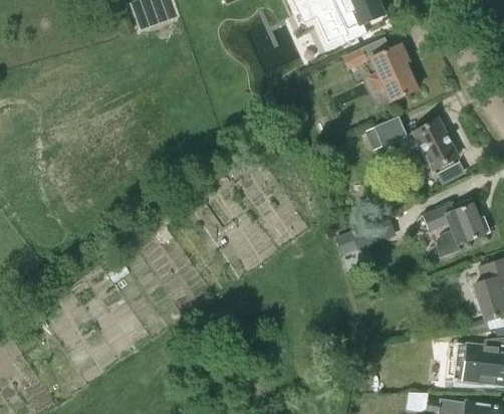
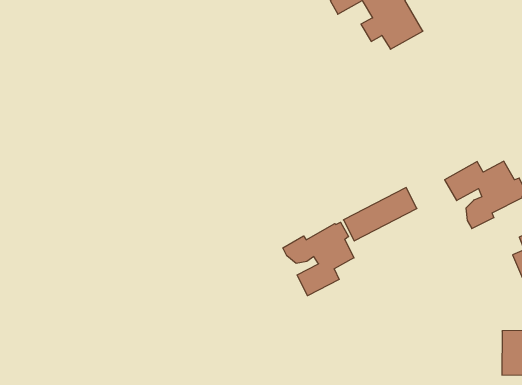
building: [372,116,458,171] -> none
building: none -> [283,222,354,296]

